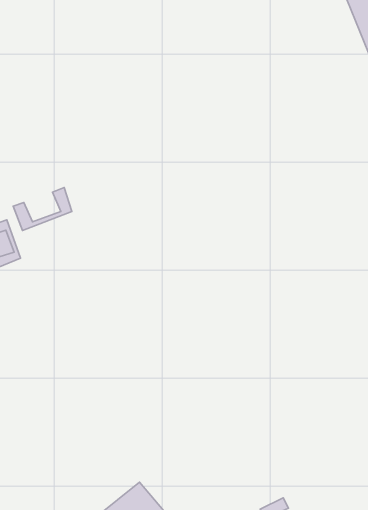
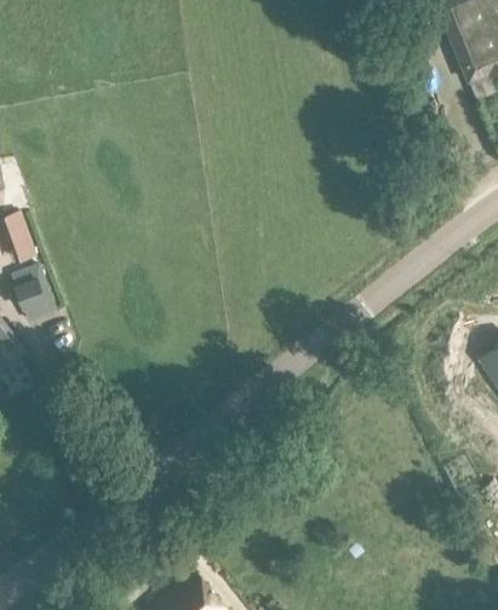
building: [13,187,72,230] -> none

